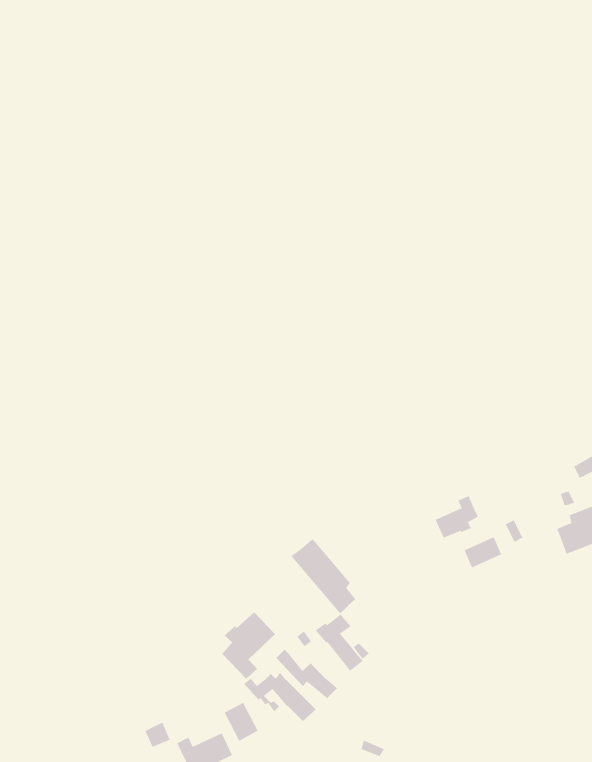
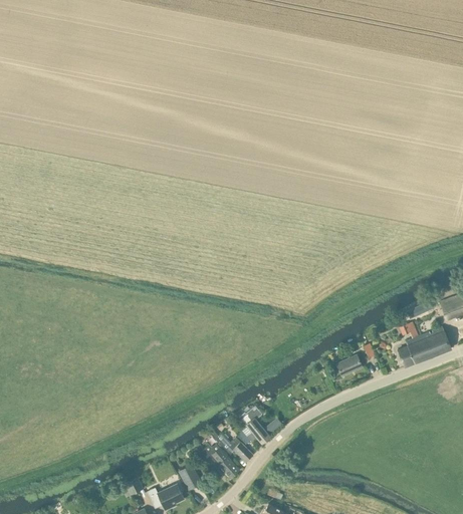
building: [435,495,479,539] -> none
building: [291,538,356,614] -> none
building: [221,612,276,680] -> none

